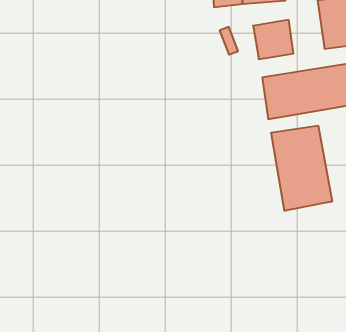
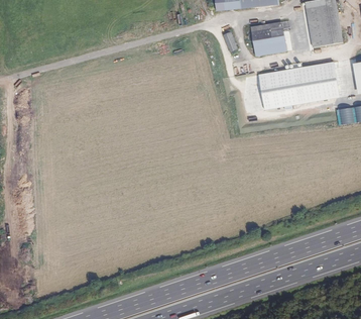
building: [271,126,332,211] -> none

